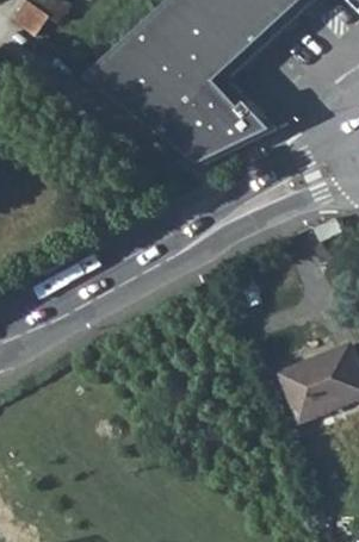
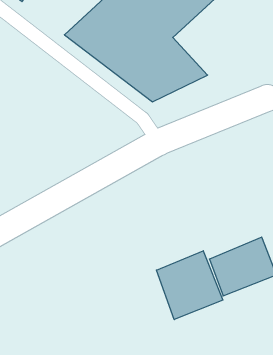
building: none -> [156,251,223,320]

